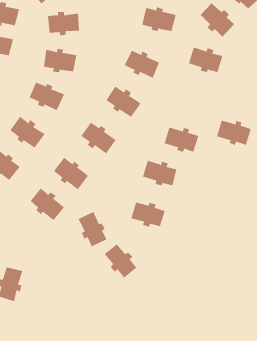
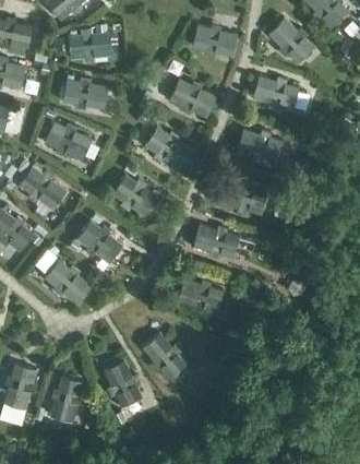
building: [216,120,251,146] -> [237,129,283,163]
building: [78,211,107,247] -> [104,359,142,406]
building: none -> [50,376,83,421]

